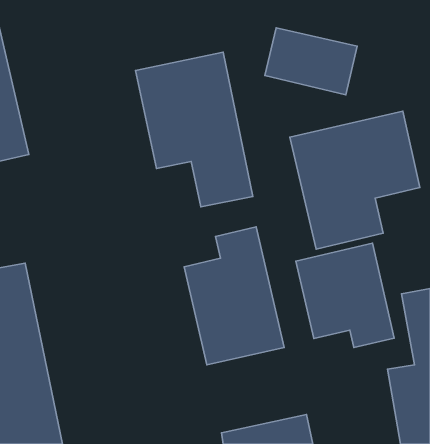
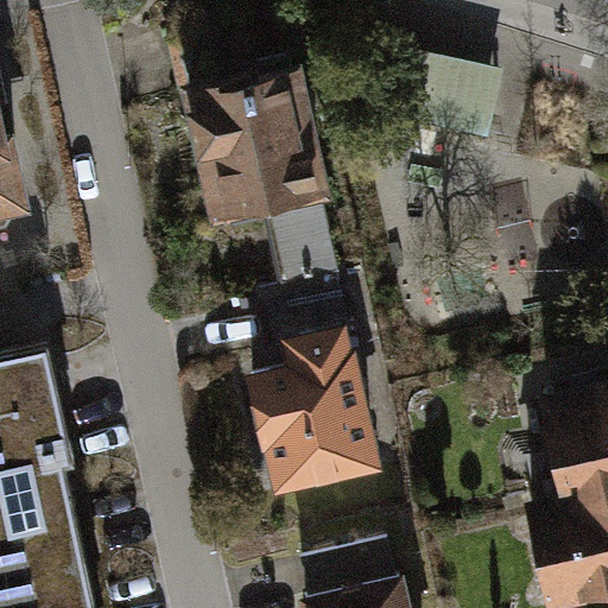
building: [290,111,420,249] -> none
building: [296,243,394,347] -> none

